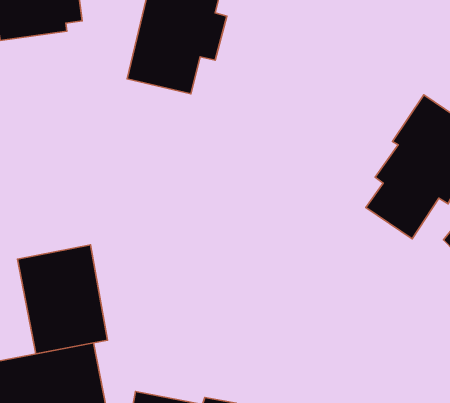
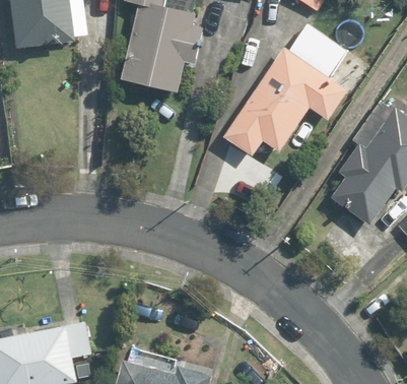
building: none -> [220,21,350,161]
building: [18,245,107,354] -> none

